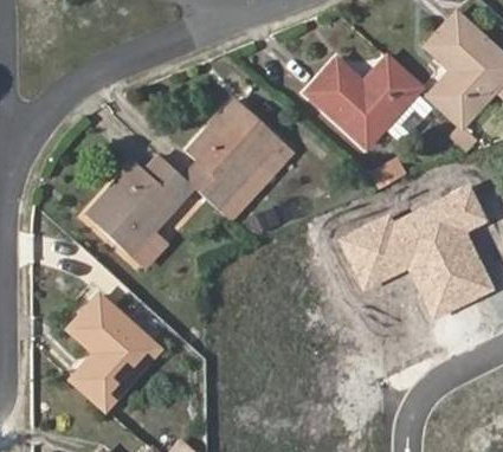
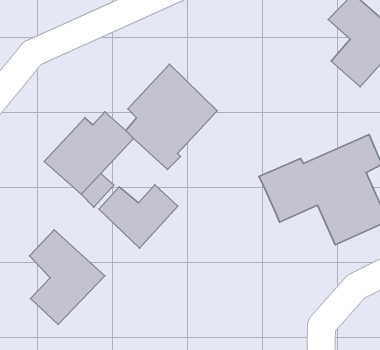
building: [305,57,432,146] -> none
building: none -> [99,185,178,248]

